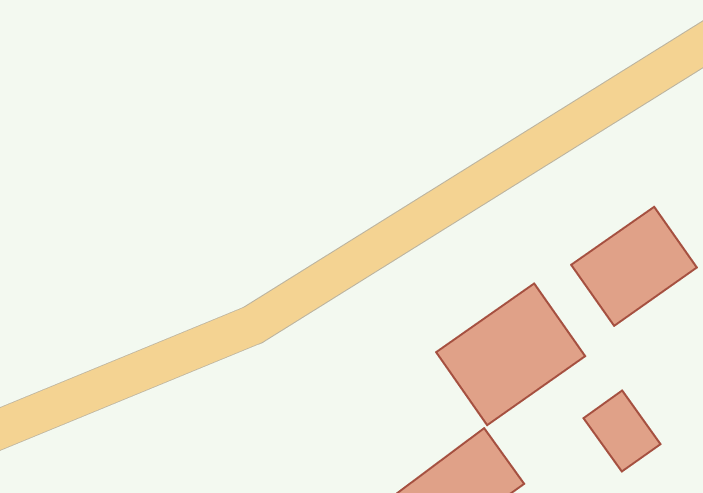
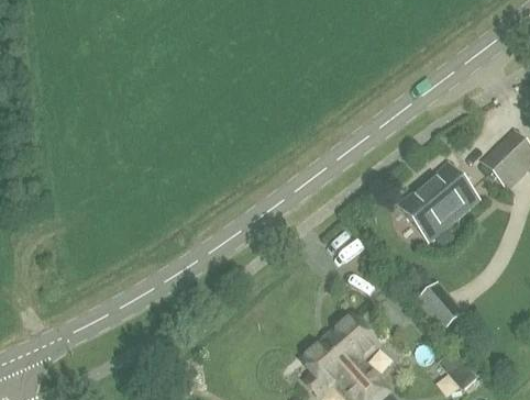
building: [436,283,585,425] -> none

